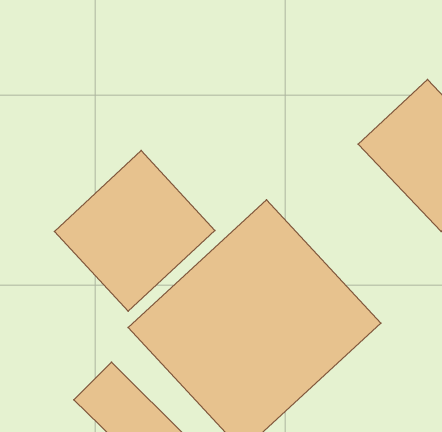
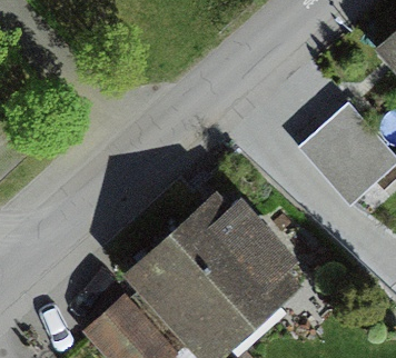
building: [54,151,215,311] -> none

